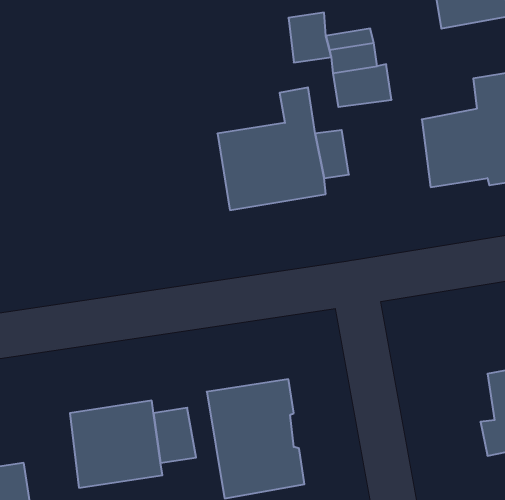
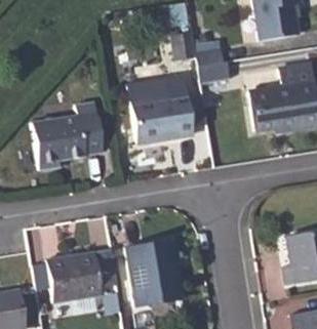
building: none -> [31,102,101,170]

